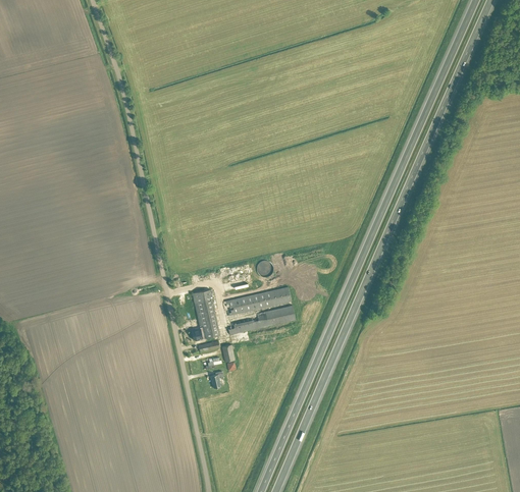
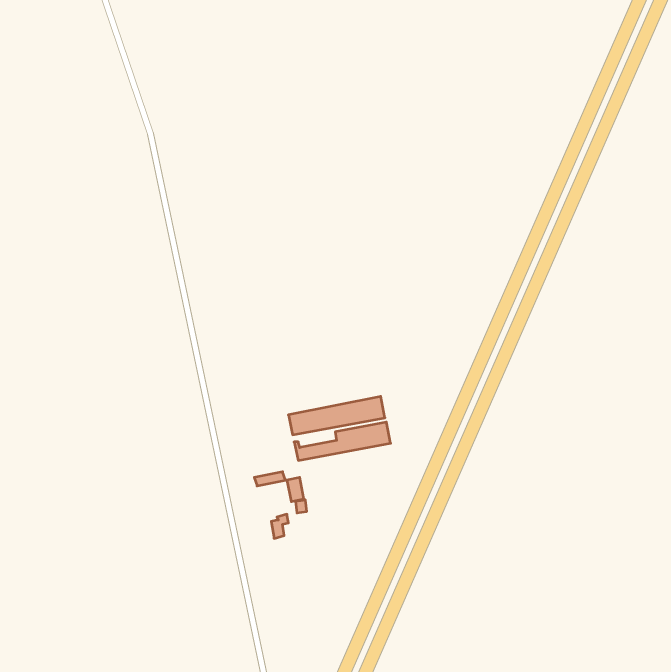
building: [191,290,219,342] -> none

